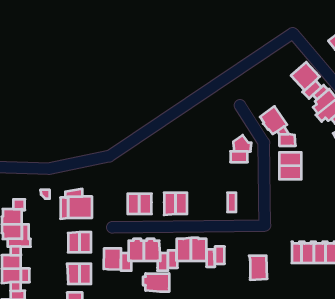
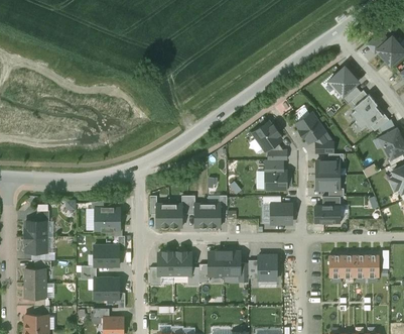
building: none -> [254,122,281,151]
building: none -> [265,171,287,190]
building: none -> [271,204,292,224]
building: none -> [314,206,341,224]
building: [104,248,121,270] -> none
building: [249,256,267,280] -> [258,255,277,281]
building: [143,273,169,292] -> none

